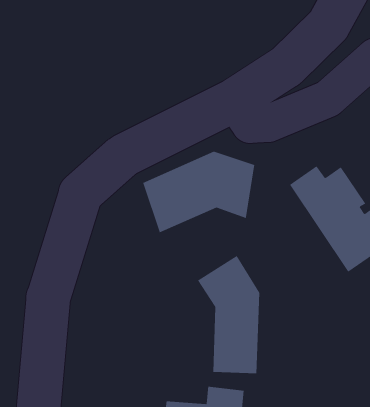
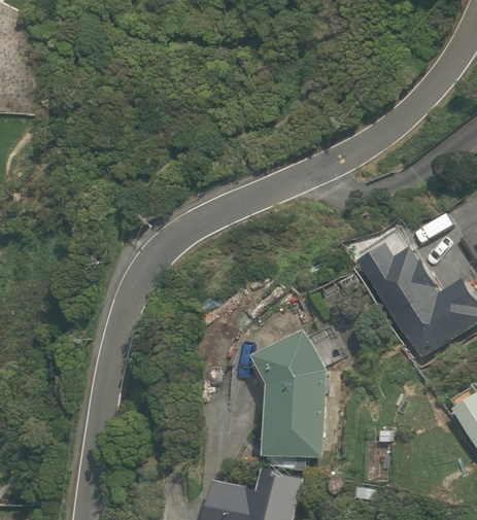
building: [142,151,255,233] -> none

